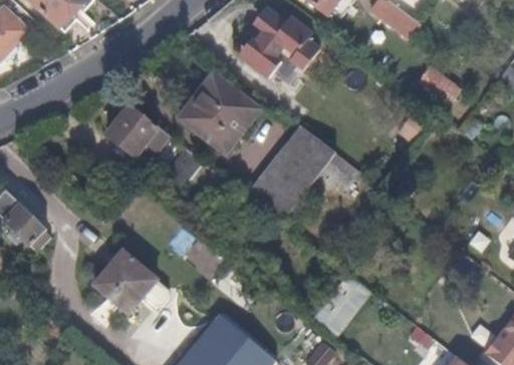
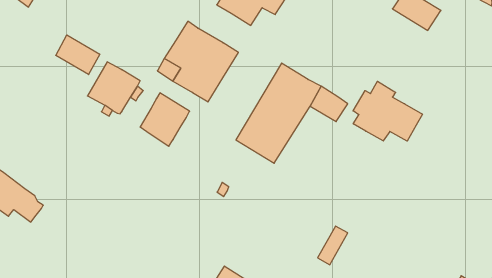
building: none -> [56,35,100,75]
building: none -> [353,81,422,141]
building: [93,247,169,312] -> none

